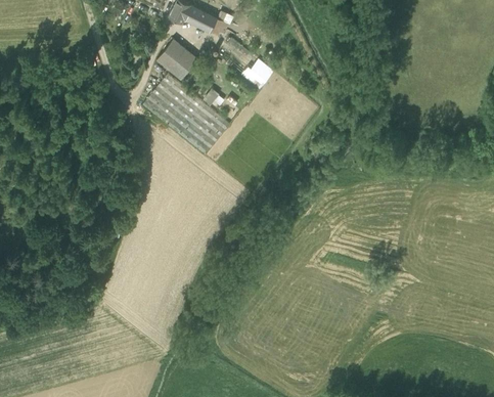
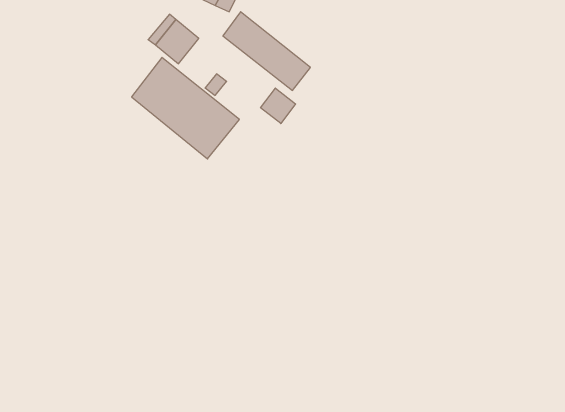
building: none -> [261,88,296,124]

